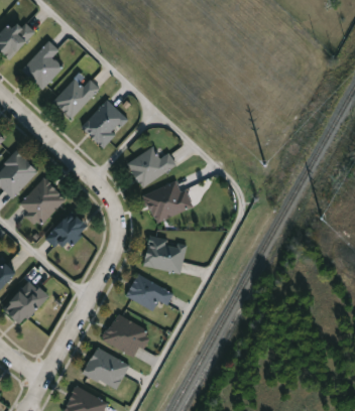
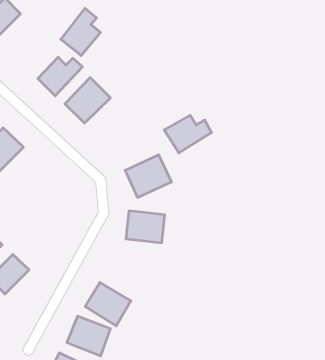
building: [21,39,63,89] -> [61,8,100,56]
building: [126,147,175,186] -> [164,115,212,153]
building: [17,178,66,227] -> none
building: [46,211,87,251] -> none
building: [125,274,172,310] -> none

